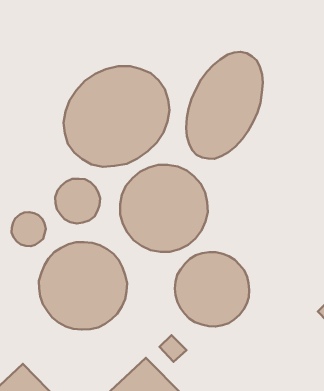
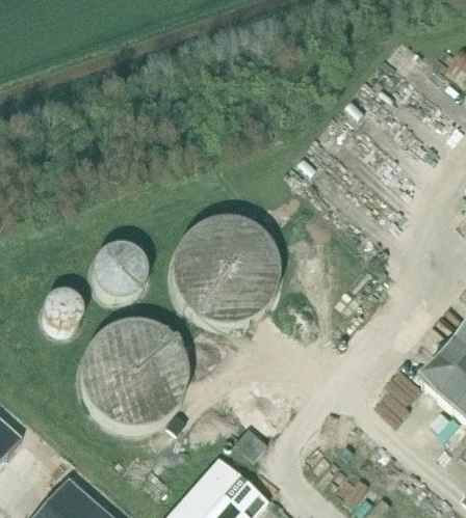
building: [186,52,263,159] -> none
building: [64,66,169,167] -> none
building: [175,252,249,327] -> none

